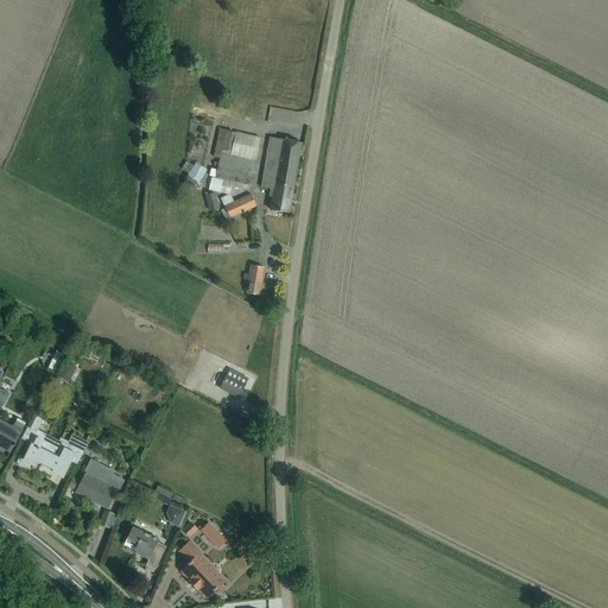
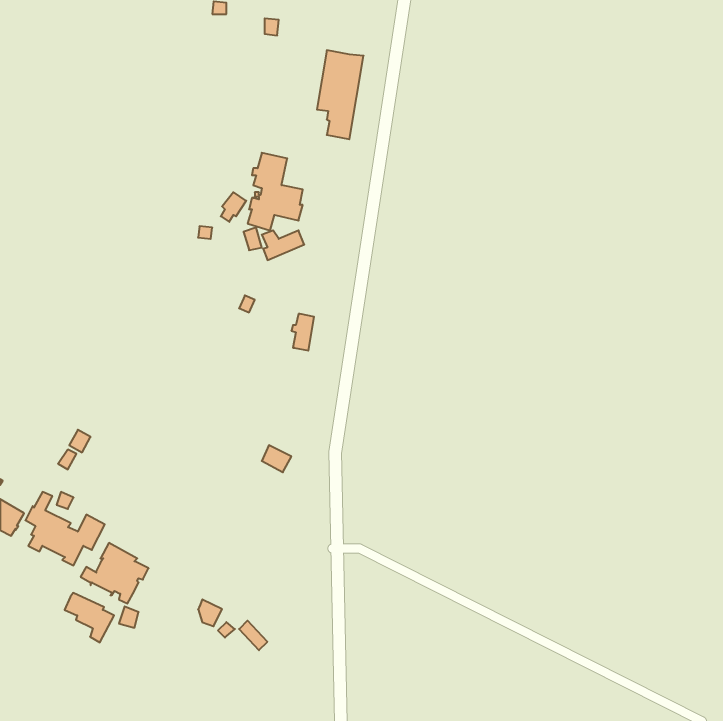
building: [261,137,300,211] -> [317,50,364,139]
building: [125,526,166,568] -> [65,593,114,642]
building: [178,539,224,596] -> none

